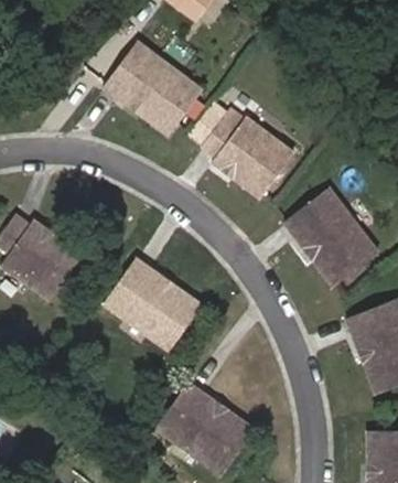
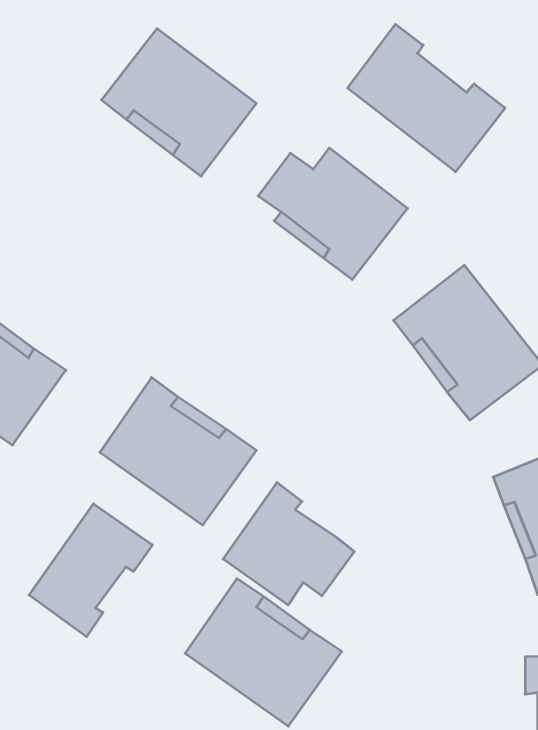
building: none -> [348,24,505,172]
building: none -> [223,482,354,605]
building: none -> [29,504,152,637]

